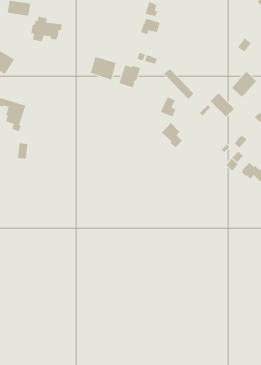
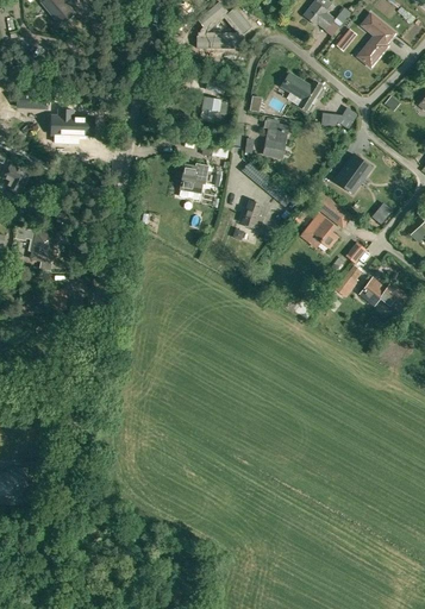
building: none -> [280,71,320,111]
building: none -> [262,120,289,159]
building: [90,56,116,80] -> none
building: [161,122,183,148] -> [306,213,337,247]

